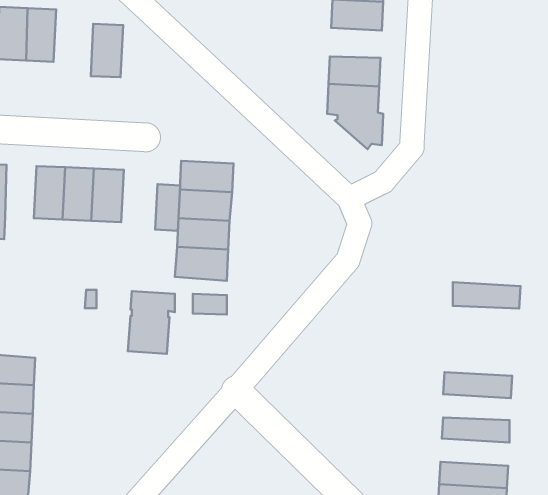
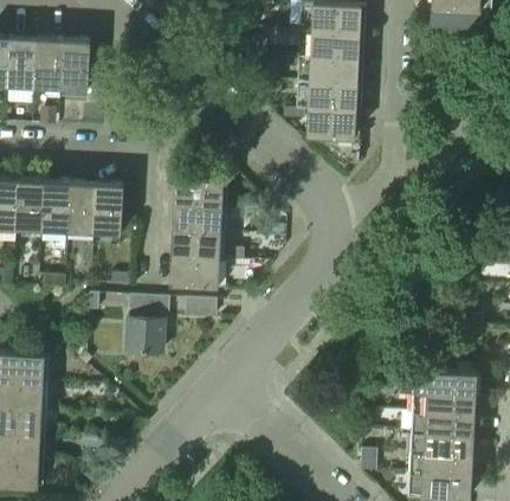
building: [91,24,123,77] -> [59,39,89,88]
building: none -> [310,56,357,83]
building: none -> [15,180,44,229]
building: [155,184,180,231] -> none
building: [453,282,521,308] -> [413,388,475,412]
building: none -> [411,429,473,454]

